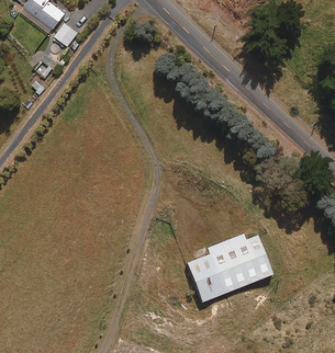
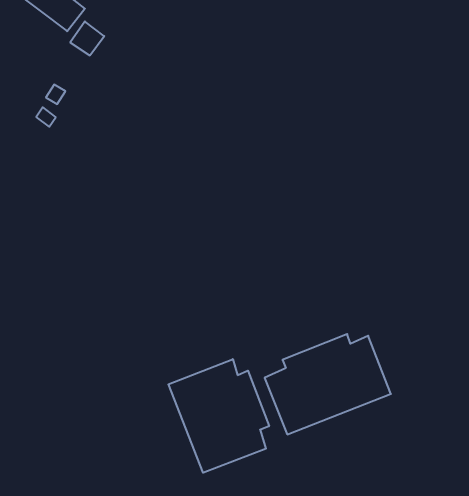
building: none -> [168,359,269,473]

